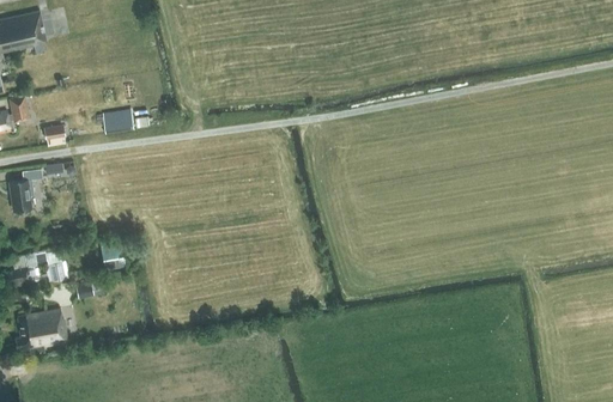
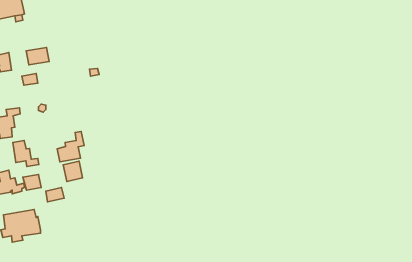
building: [103,108,134,132] -> [26,47,49,65]
building: none -> [57,131,84,162]
building: none -> [13,141,39,167]

